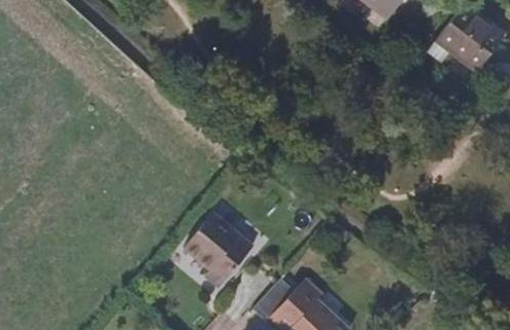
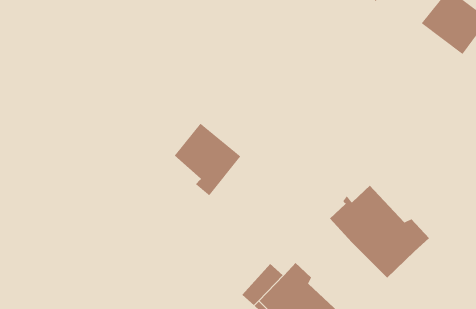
building: none -> [329,185,430,279]
building: [183,215,251,289] -> [174,123,241,196]

